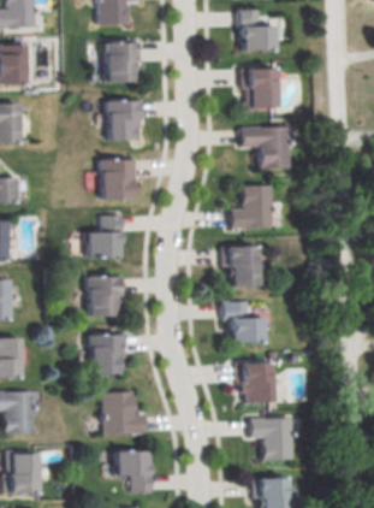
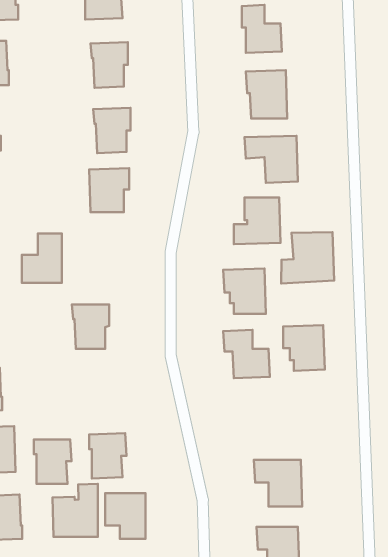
building: [85,211,121,255] -> [22,233,62,283]
building: none -> [281,232,334,283]
building: [89,337,123,377] -> [34,440,71,484]
building: [236,365,273,406] -> [283,325,325,371]
building: none -> [52,484,98,537]

